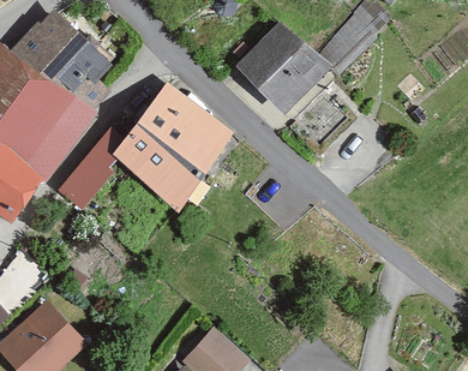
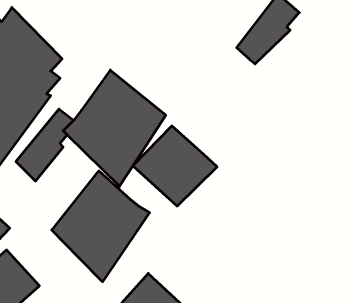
building: [233,25,331,119] -> [133,126,217,206]
building: none -> [52,171,150,282]

